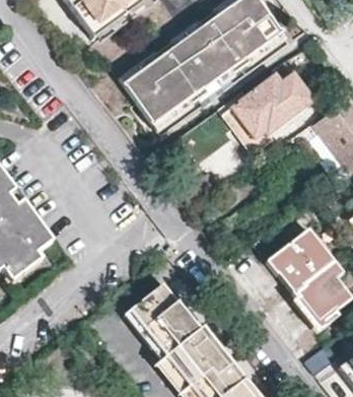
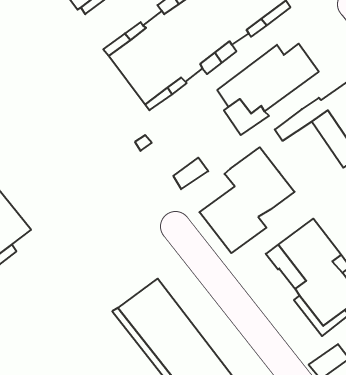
building: none -> [199,147,295,253]

